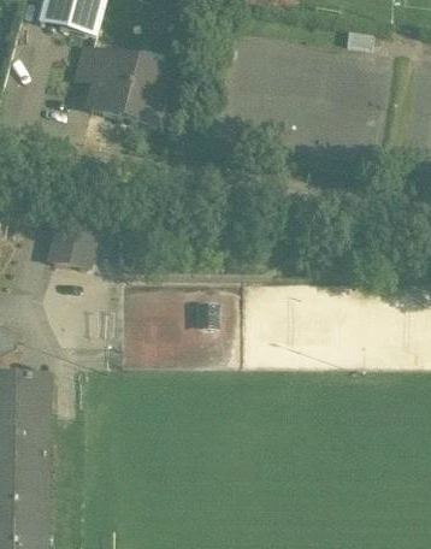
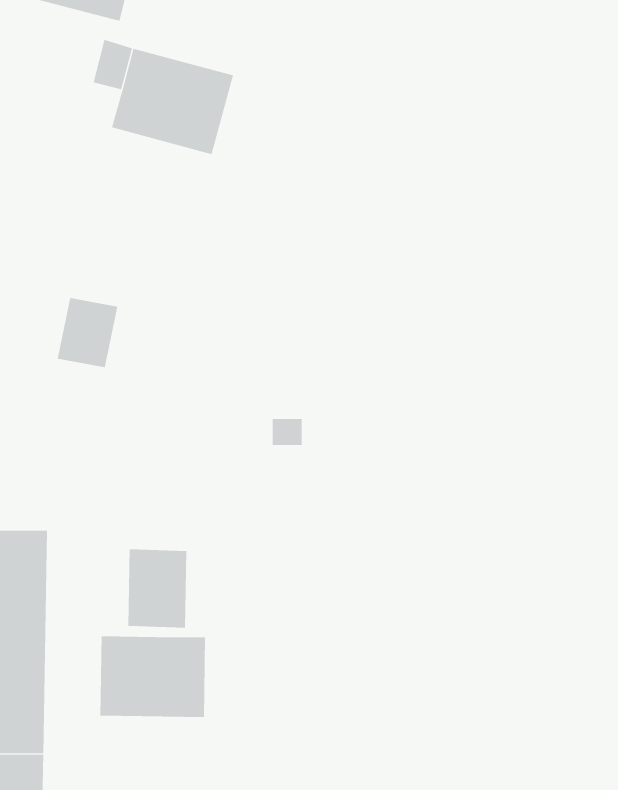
building: none -> [128,548,187,629]
building: none -> [100,636,206,718]

